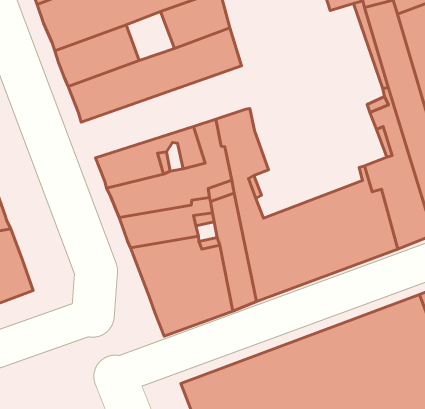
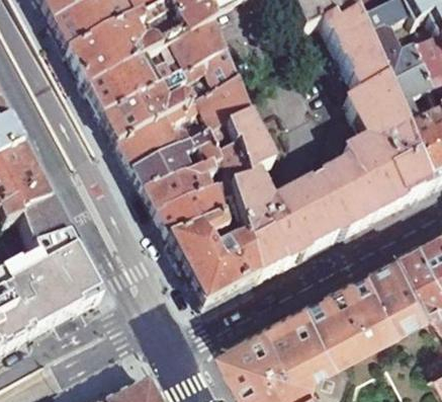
building: none -> [142,45,183,86]
building: none -> [115,80,250,169]

